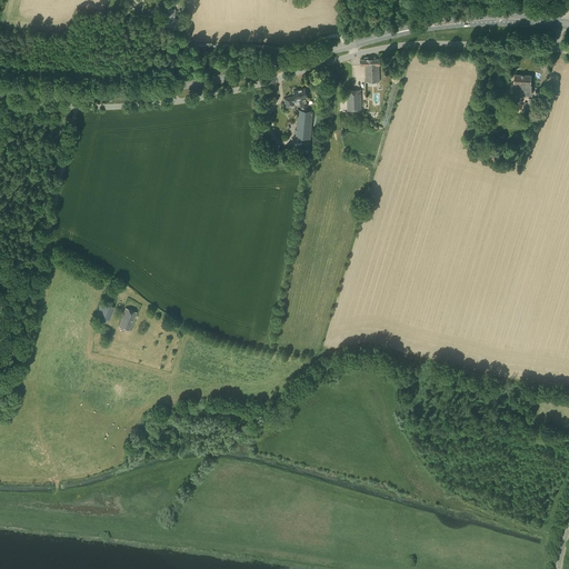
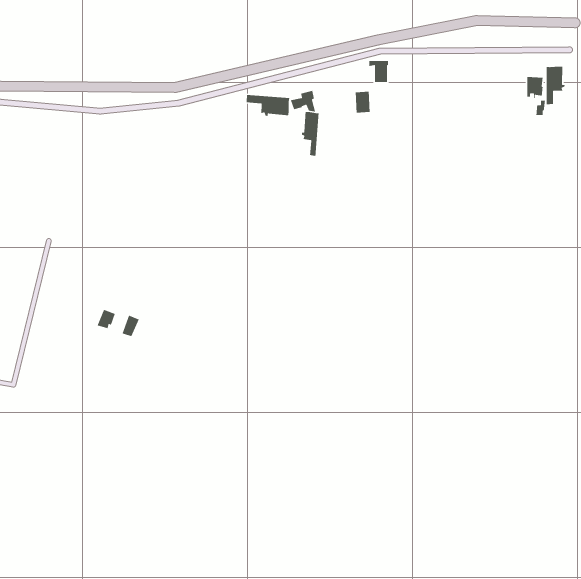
building: none -> [546,66,565,105]
building: none -> [246,94,290,117]

